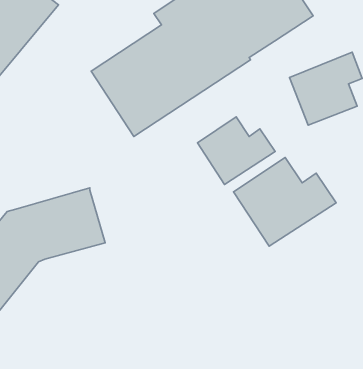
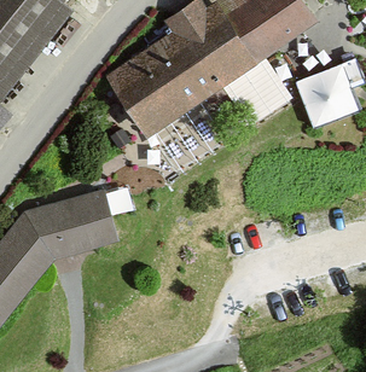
building: [197,117,275,184] -> none
building: [234,157,336,246] -> none

